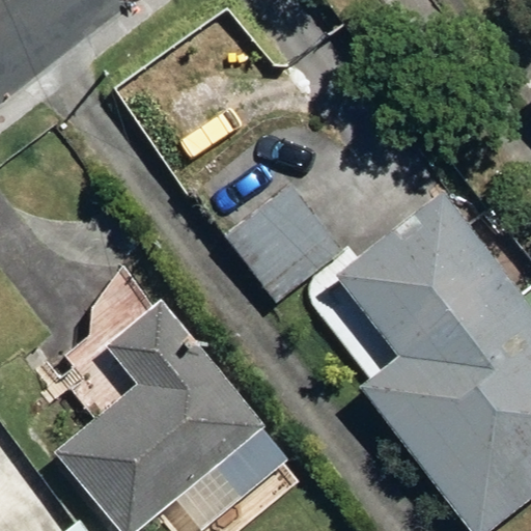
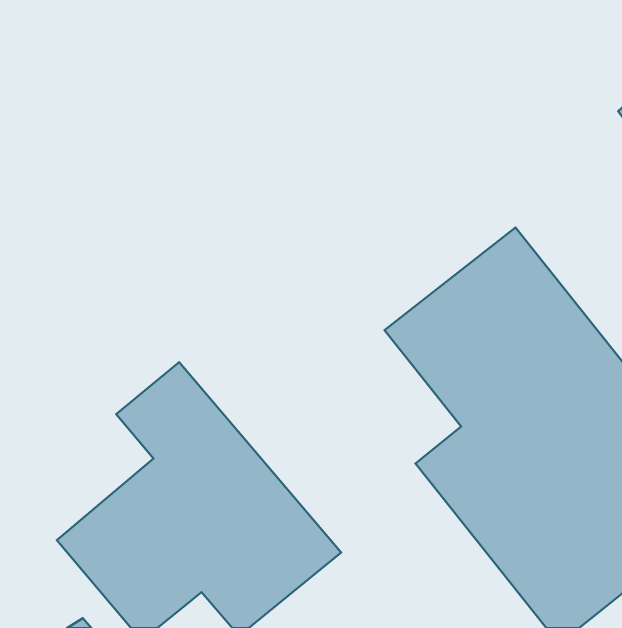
building: [230,186,341,297] -> none

